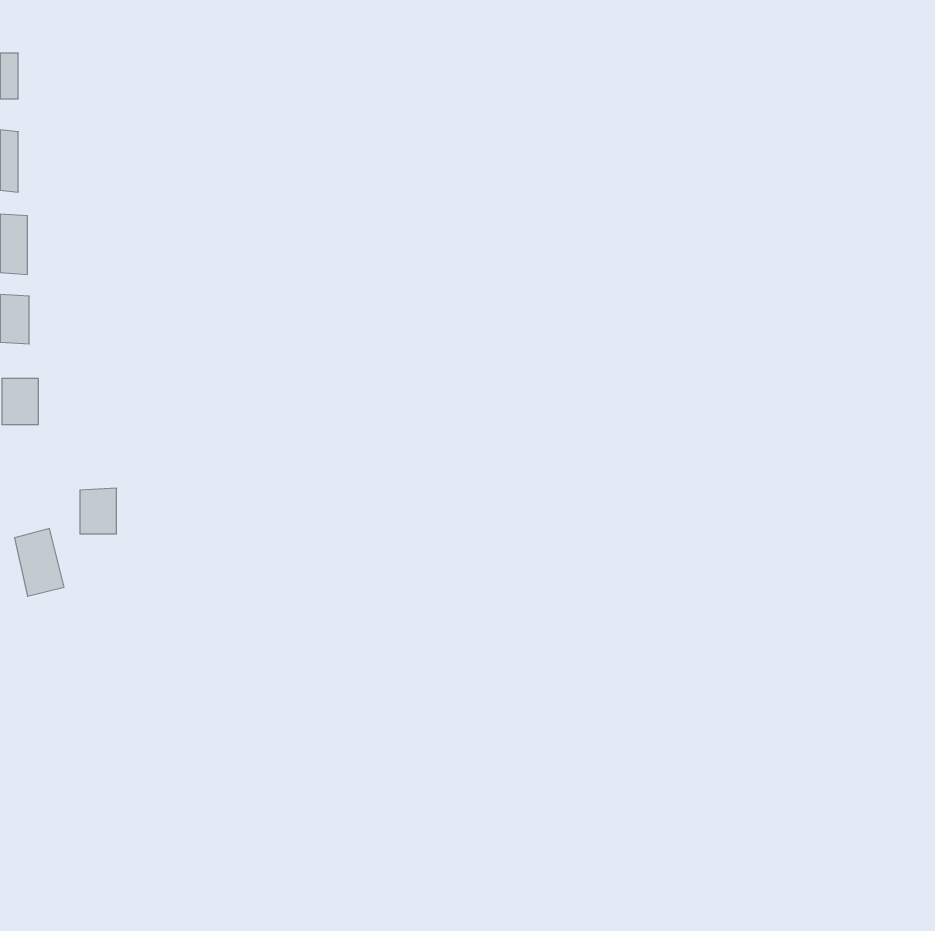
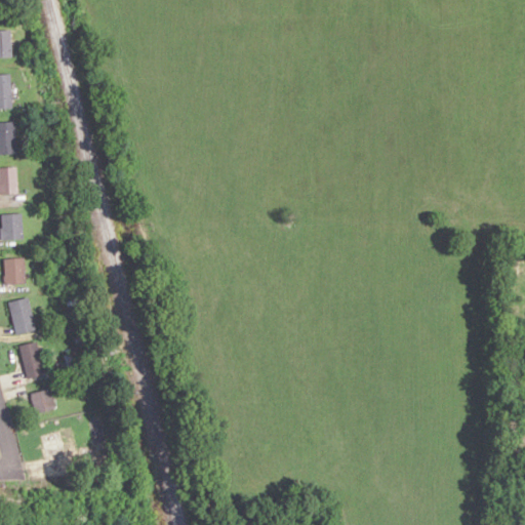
building: [80,488,117,534] -> [4,258,25,284]
building: none -> [19,342,44,379]
building: none -> [30,390,55,415]

